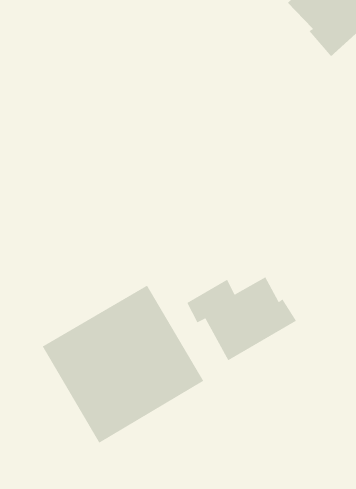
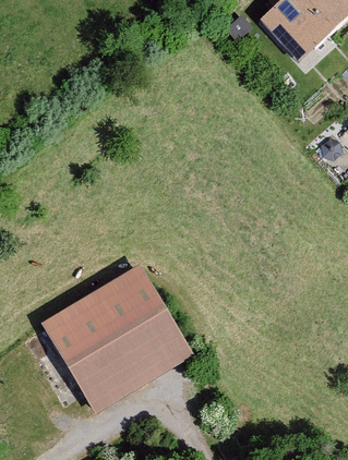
building: [187,277,297,361] -> none

